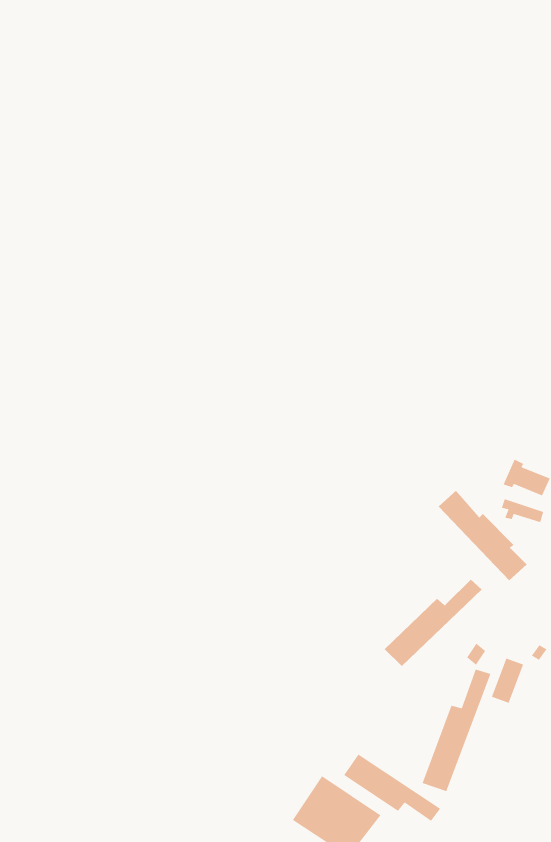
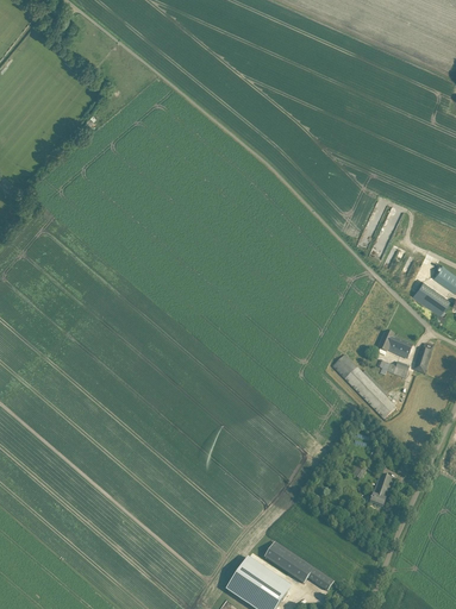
building: [384,579,483,667] -> none
building: [422,669,491,792] -> none

